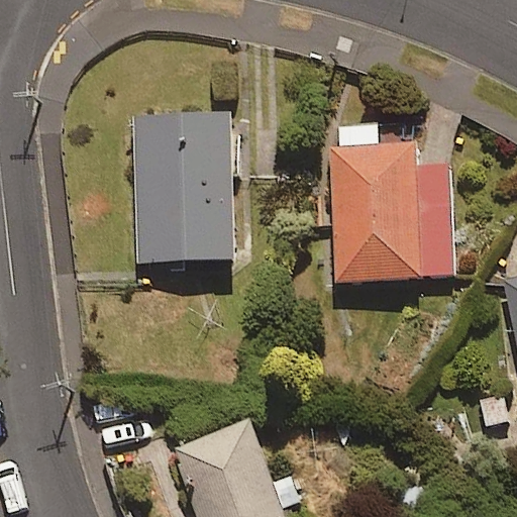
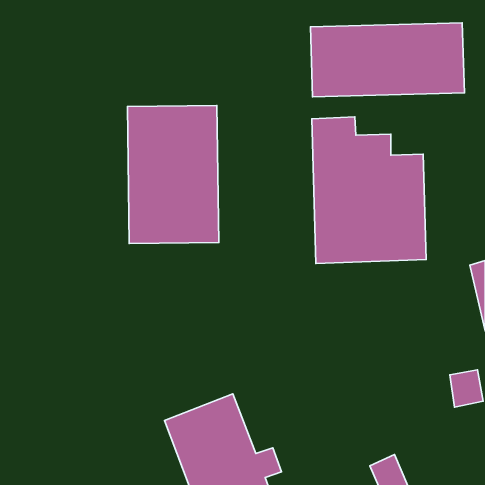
building: none -> [310,23,464,97]

